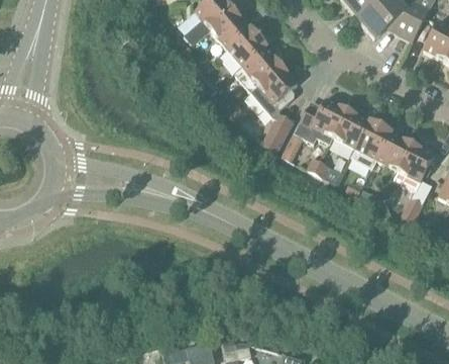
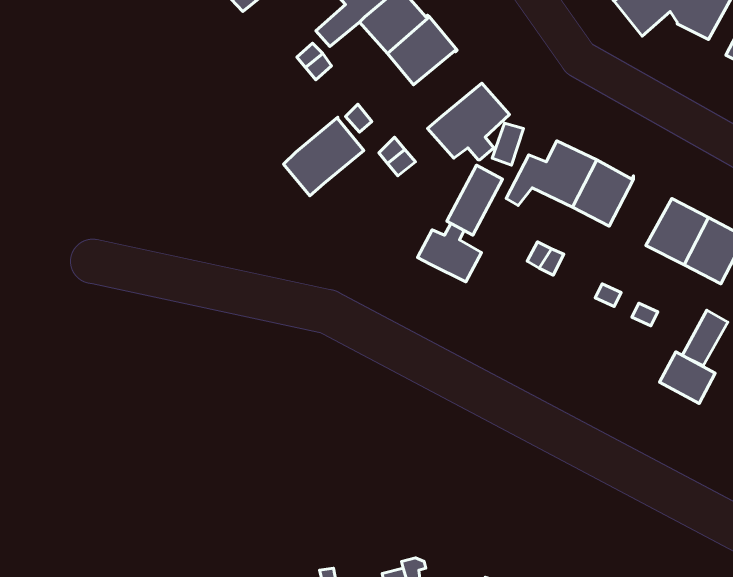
building: [235,46,282,91] -> [284,117,364,196]
building: [351,118,391,166] -> none
building: none -> [418,224,482,282]
building: none -> [660,352,715,404]

